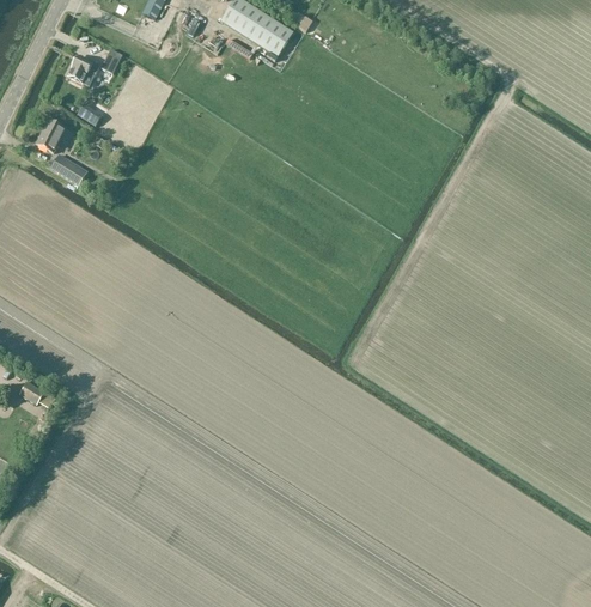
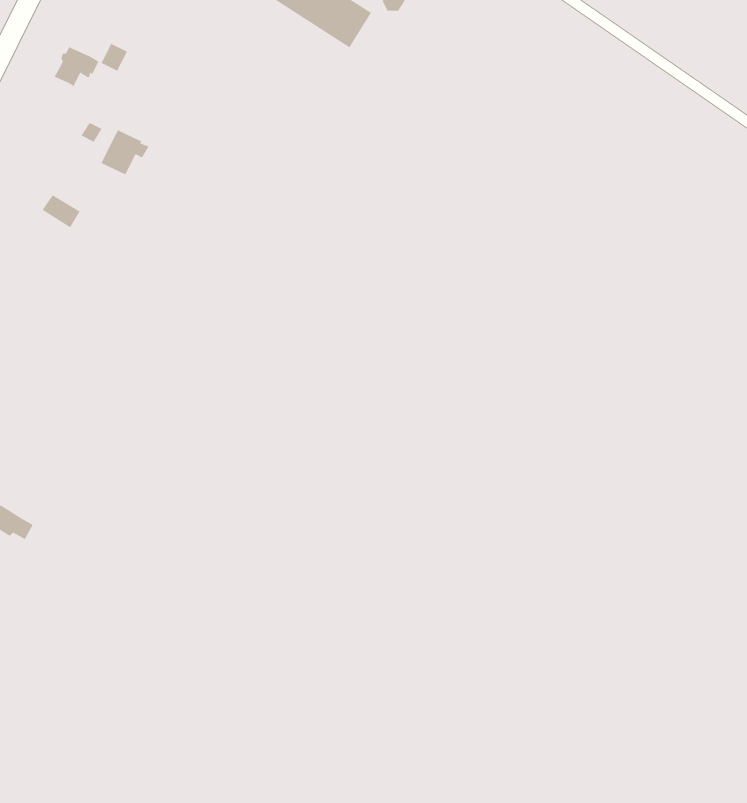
building: [36,120,71,152] -> [101,130,149,175]

